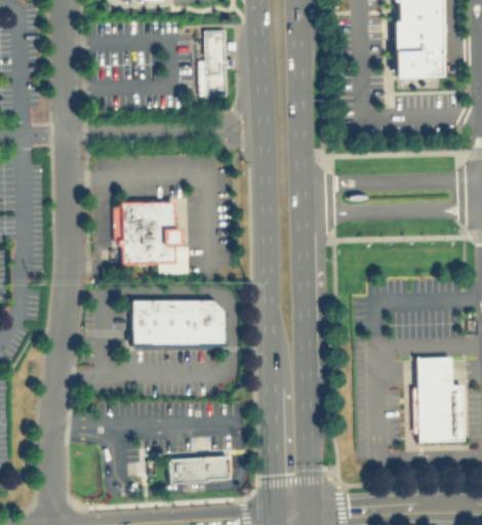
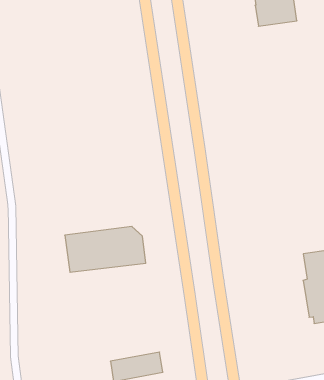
building: [201,30,234,96] -> none
building: [114,201,190,274] -> none

